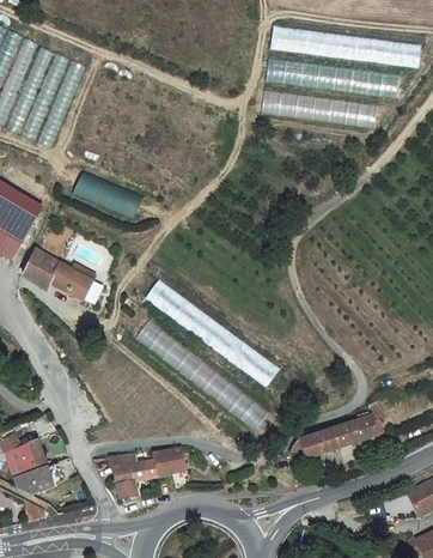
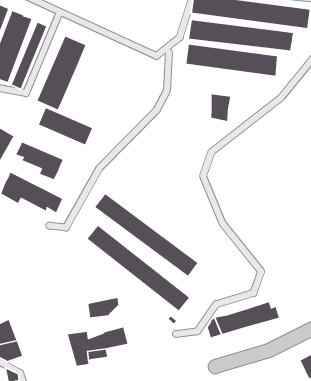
building: none -> [36,35,87,110]
building: none -> [211,93,231,122]
building: none -> [15,141,64,180]
building: none -> [88,297,119,318]

